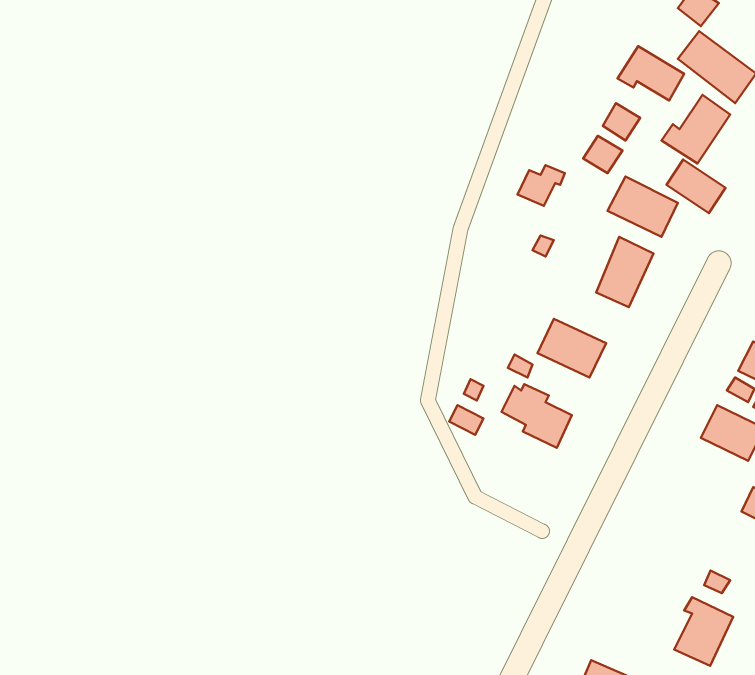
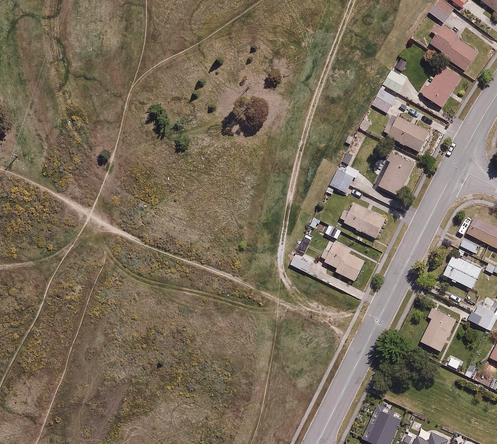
building: [618,46,684,100] -> none
building: [667,160,726,213] -> none
building: [518,165,565,206] -> [330,166,359,191]
building: [674,597,733,666] -> [420,308,456,350]

